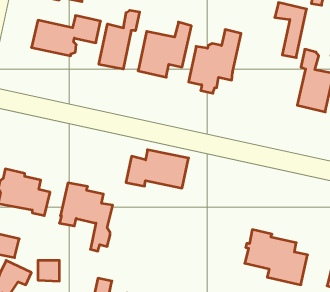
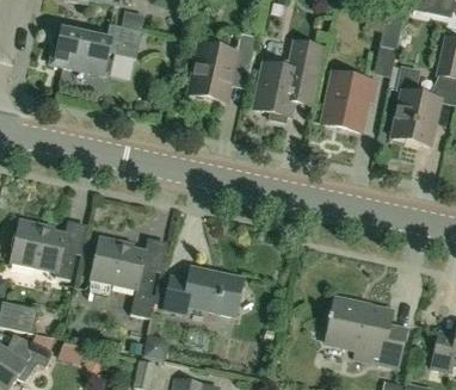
building: [99,10,140,69] -> none
building: none -> [323,69,377,129]
building: [126,150,189,188] -> [164,265,244,314]

